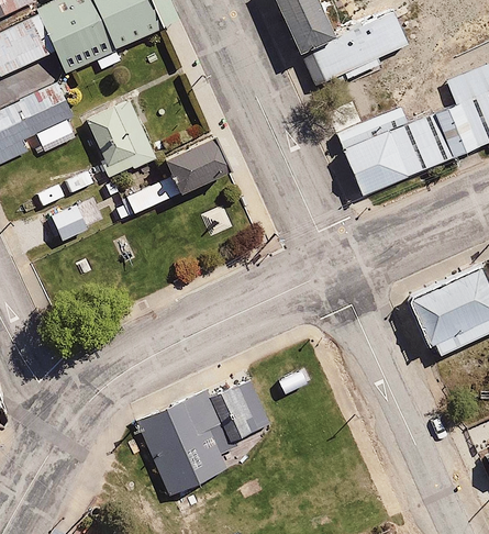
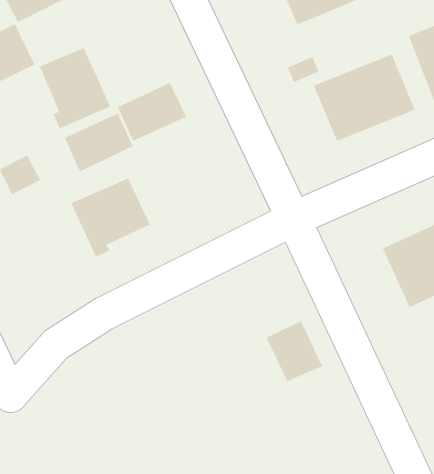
building: none -> [70,177,151,258]
building: [219,381,275,442] -> [265,320,323,382]
building: [143,398,237,497] -> none

